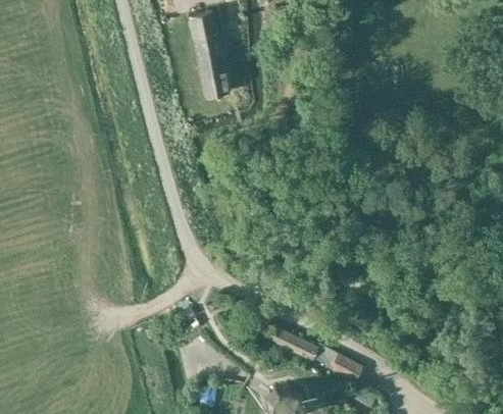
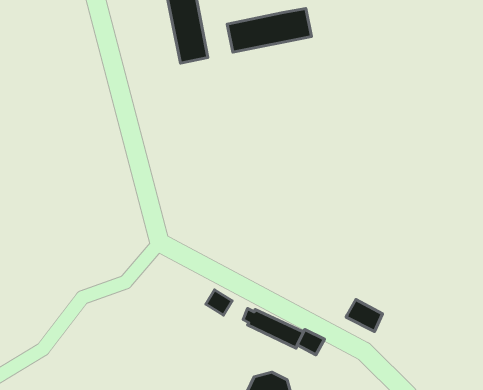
building: none -> [227,9,312,52]
building: [330,354,363,383] -> [346,300,382,331]

